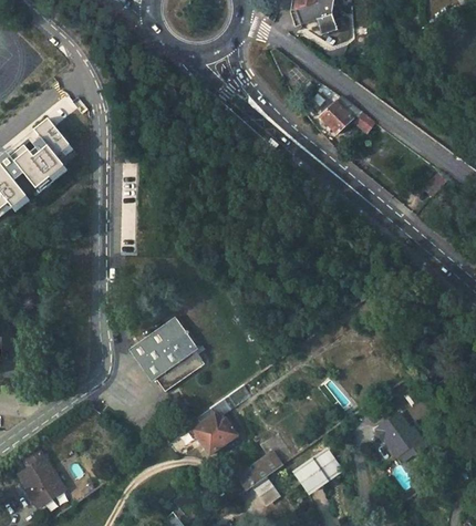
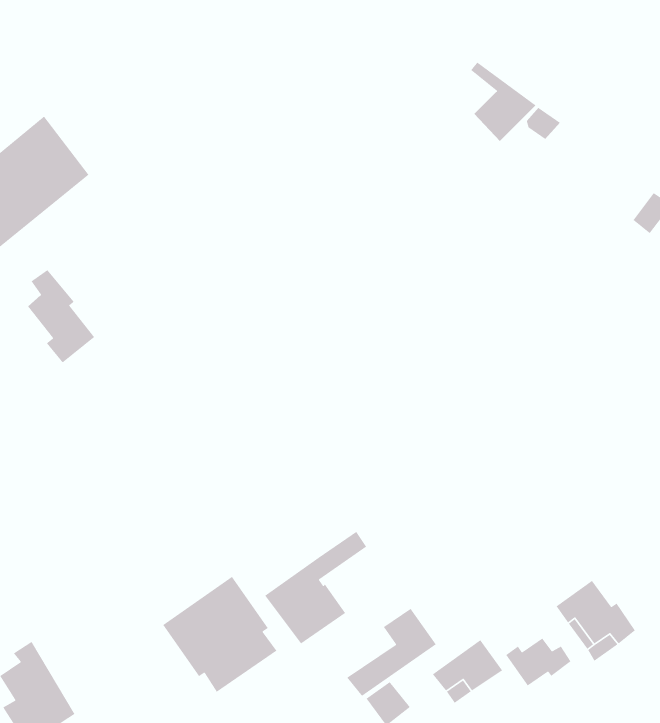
building: none -> [27,269,95,364]
building: [130,316,203,390] -> [162,576,278,693]
building: none -> [505,638,572,687]

